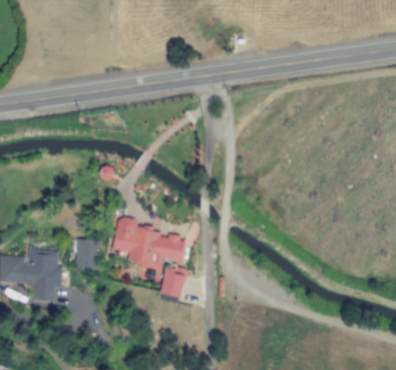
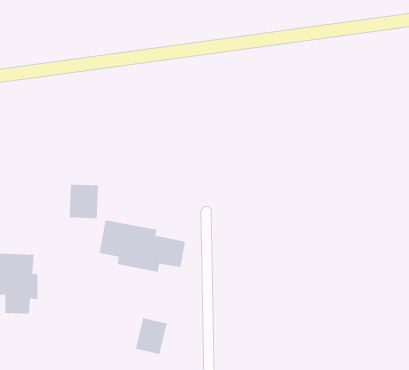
building: [74,240,99,269] -> [69,184,99,219]
building: [159,267,186,298] -> [135,318,167,355]

